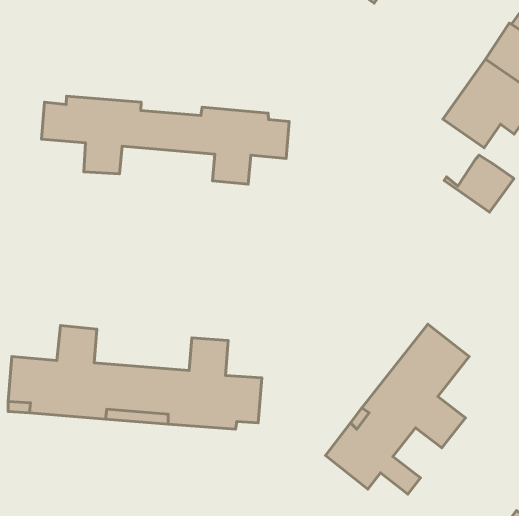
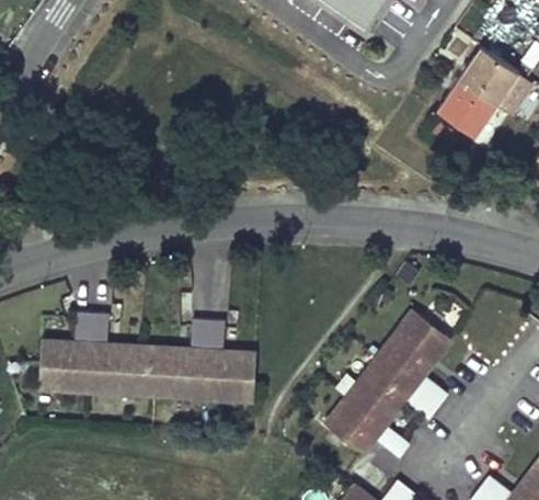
building: [41,96,289,184] -> none
building: [444,155,514,212] -> none

